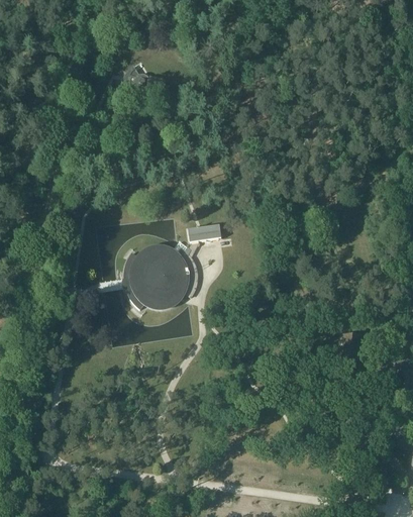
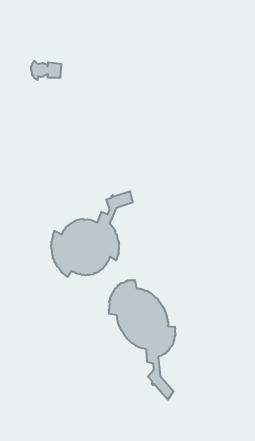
building: none -> [109,280,175,400]

